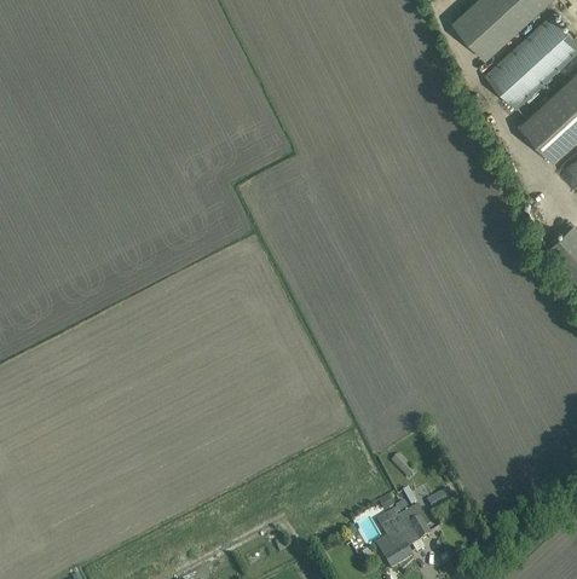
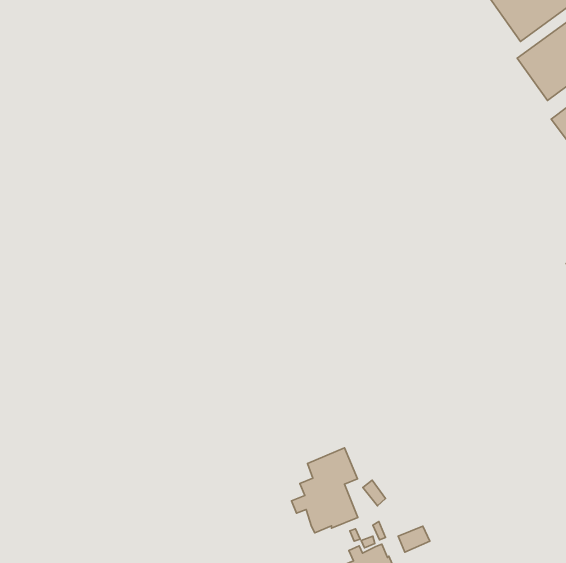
building: none -> [292,448,358,533]

